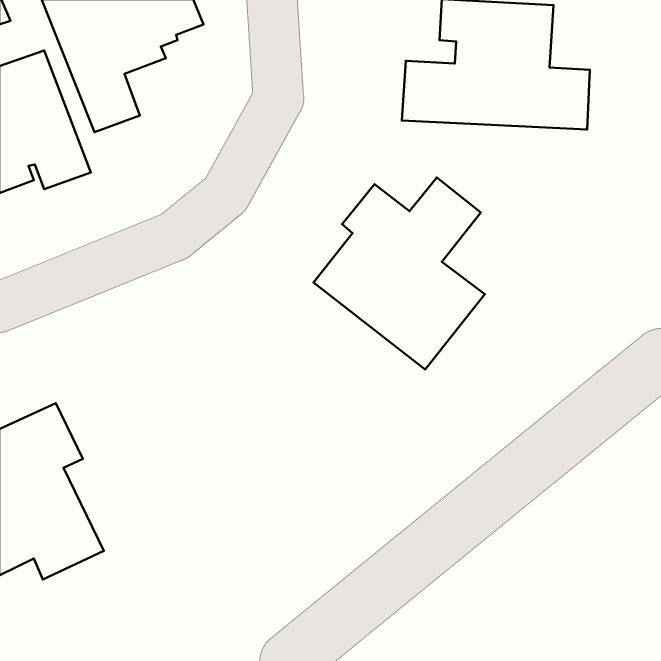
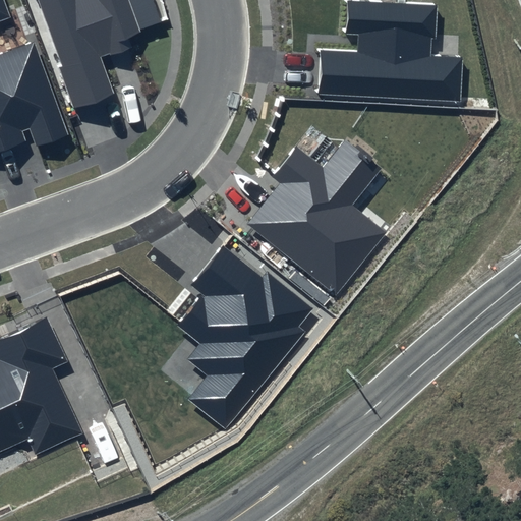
building: none -> [178,245,312,429]

